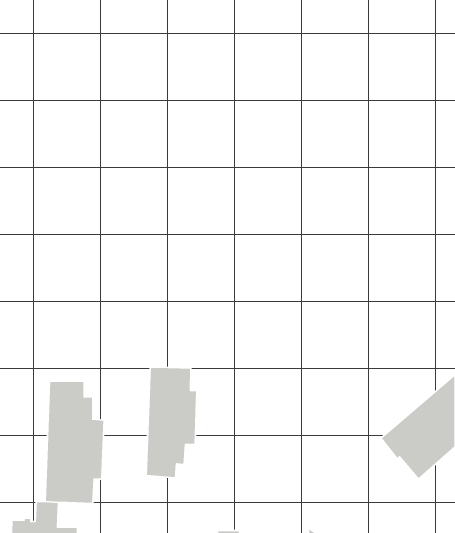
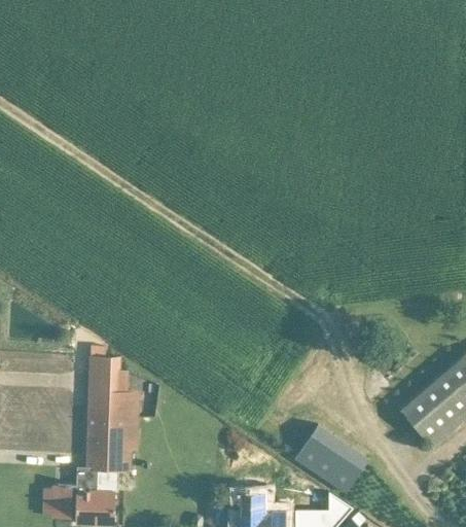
building: [146,367,197,478] -> none
building: none -> [290,428,365,494]

